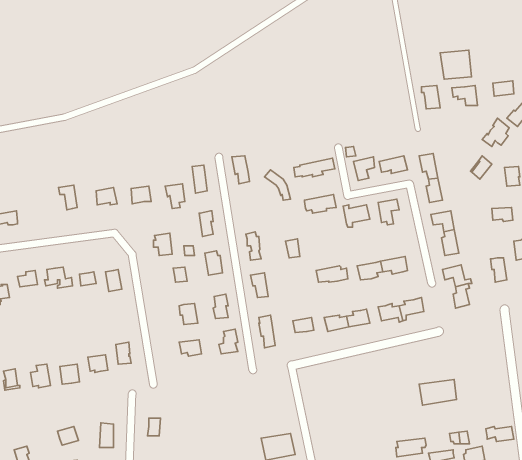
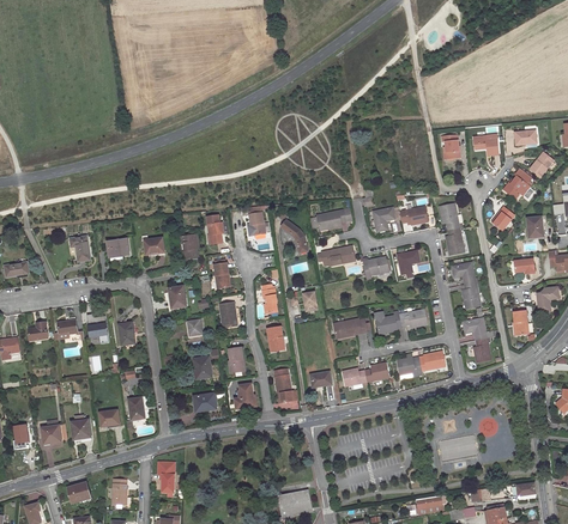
building: [440,50,472,79] -> none

